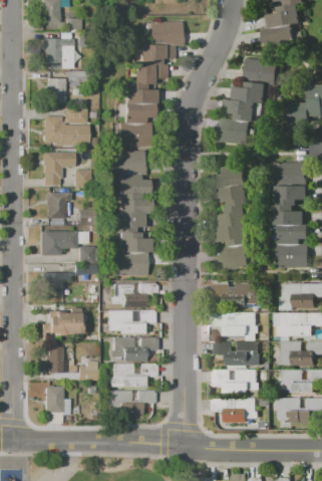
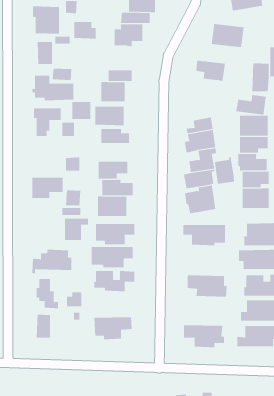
building: [234,80,269,103] -> none
building: [125,82,151,102] -> [74,21,97,39]
building: [216,119,251,143] -> [236,95,267,115]
building: [48,192,71,218] -> none
building: [118,193,140,213] -> [72,102,91,119]
building: none -> [214,156,234,184]
building: [42,272,70,297] -> [64,218,89,240]
building: [208,312,259,336] -> none
building: [109,363,154,387] -> none
building: [213,370,260,394] -> none

